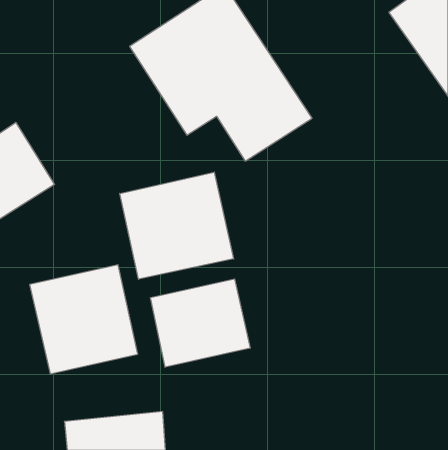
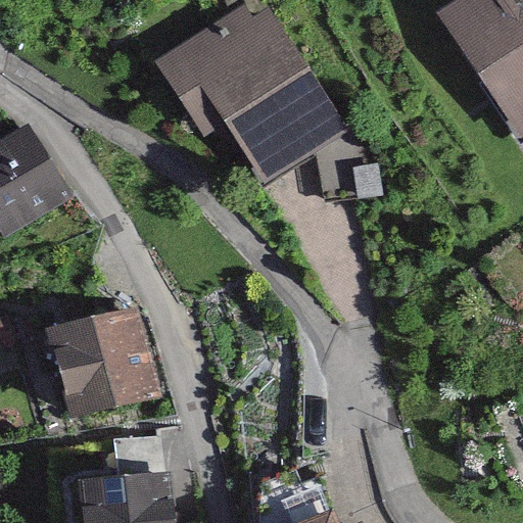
building: [120,172,234,279] -> none
building: [150,279,250,367] -> none

